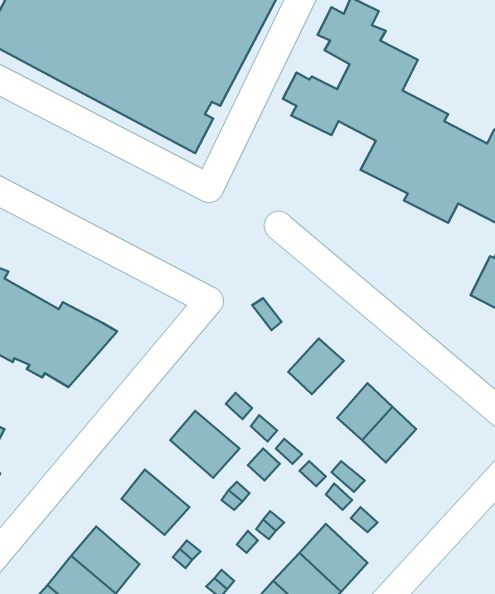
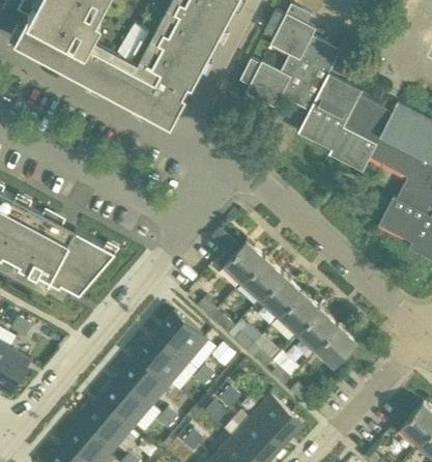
building: none -> [224,241,265,284]
building: none -> [260,276,301,318]
building: none -> [315,326,356,369]
building: none -> [136,335,186,384]
building: none -> [99,378,150,427]

